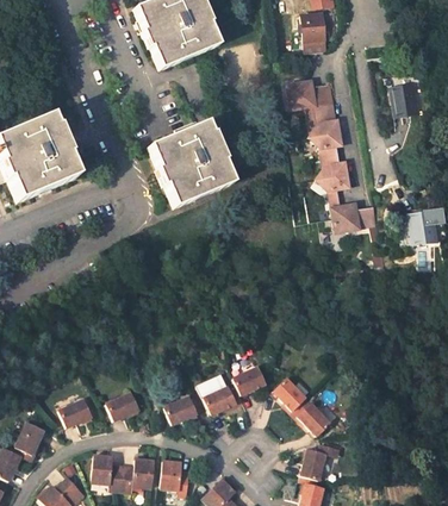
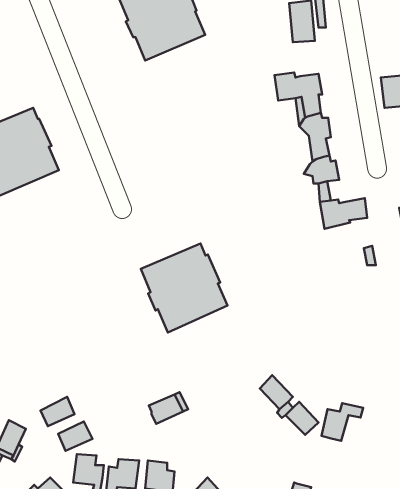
building: [149,120,234,207] -> [141,243,227,332]
building: [232,366,266,394] -> none
building: [204,386,236,414] -> none
building: [106,392,139,420] -> [58,422,92,451]
building: [300,442,341,479] -> [322,403,363,441]

